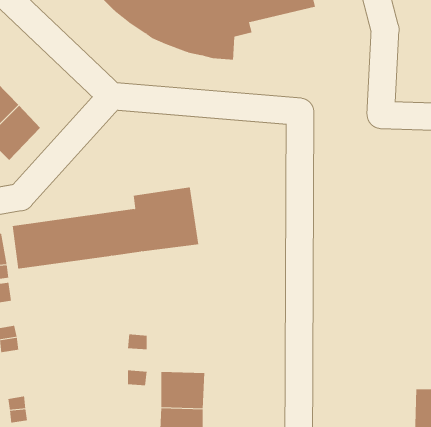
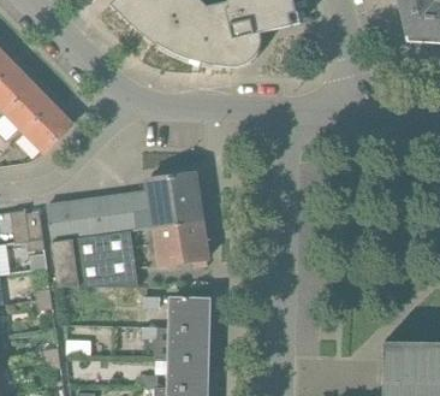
building: none -> [155,221,208,266]
building: none -> [52,231,138,288]
building: none -> [171,297,208,329]

